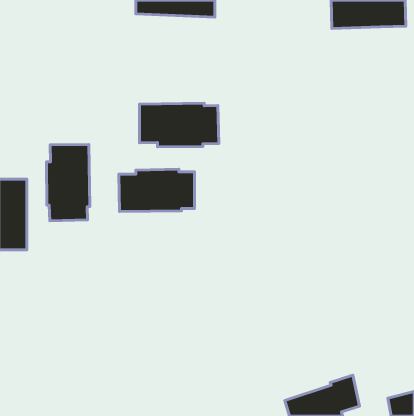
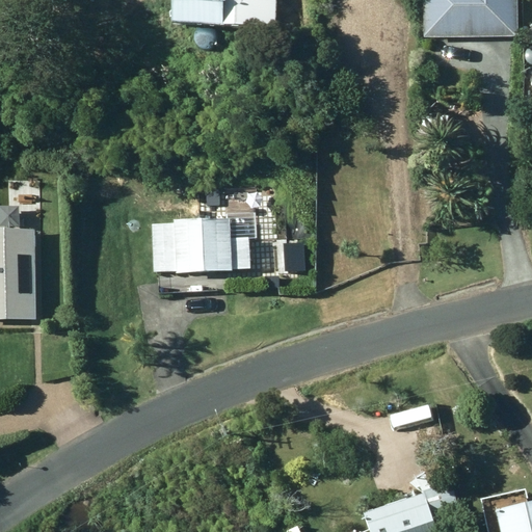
building: [139,103,219,147] -> none
building: [46,145,90,221] -> none

